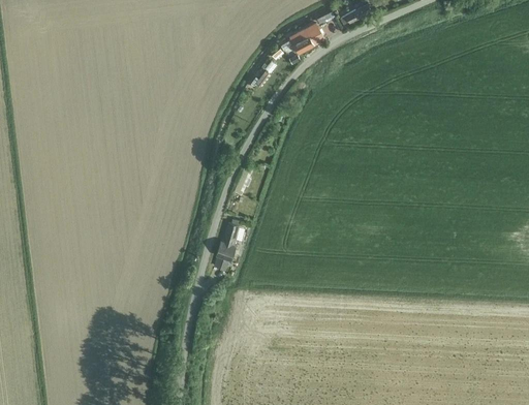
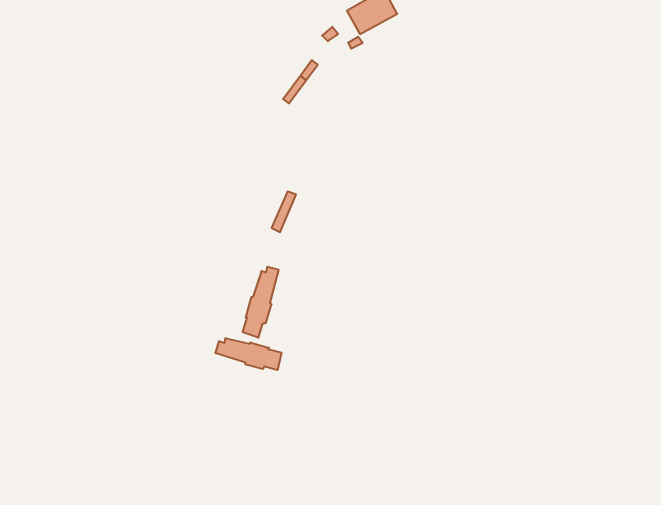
building: none -> [215,338,281,370]

